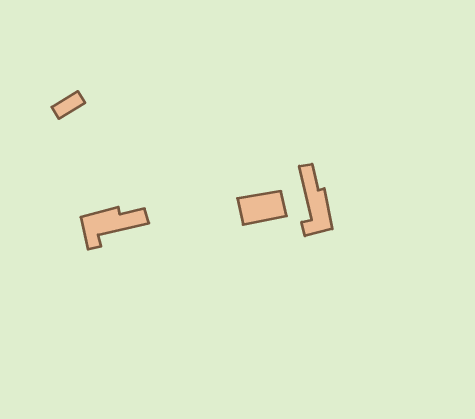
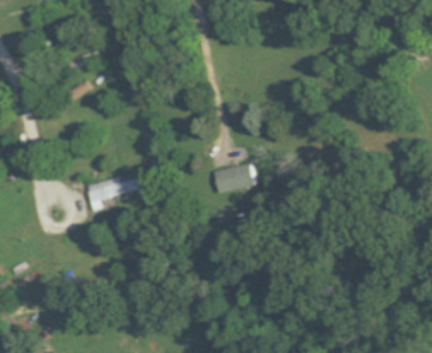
building: [299,164,332,236] -> none

